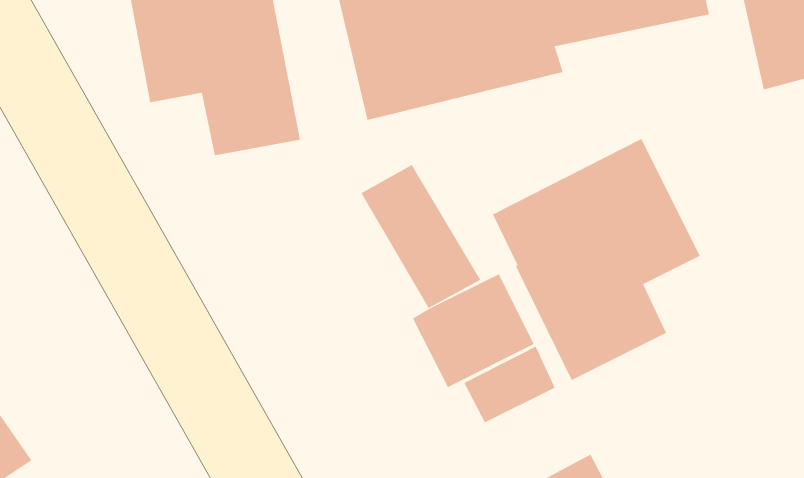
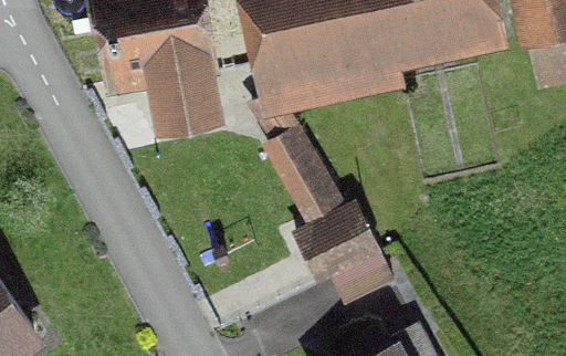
building: [492,138,700,381] -> none

